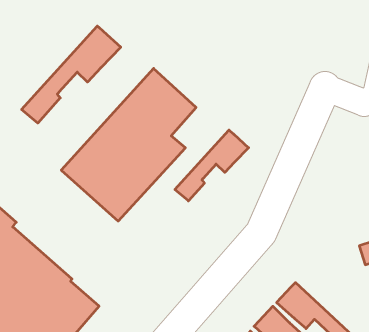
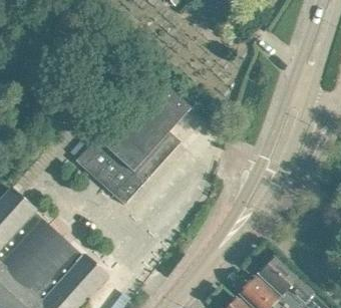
building: [22,26,121,123] -> none
building: [175,130,249,201] -> none

